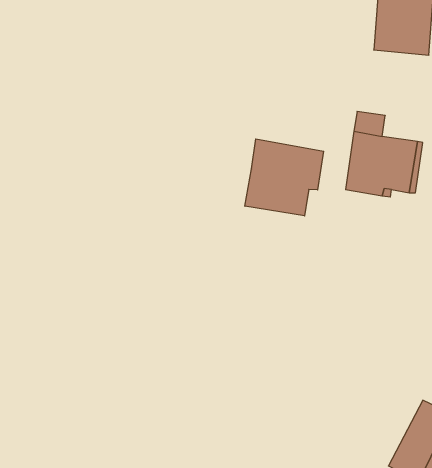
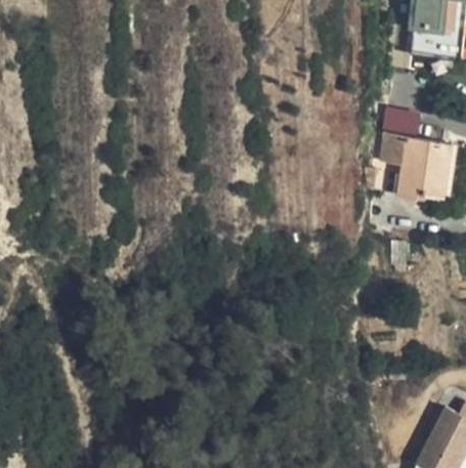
building: [245,139,324,216] -> none

